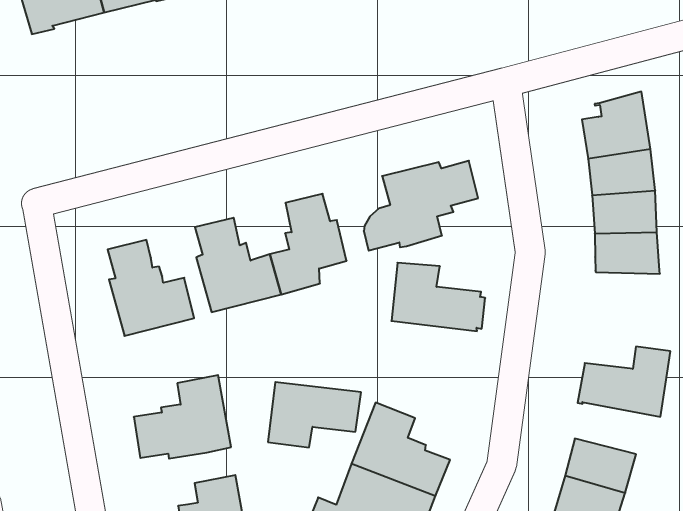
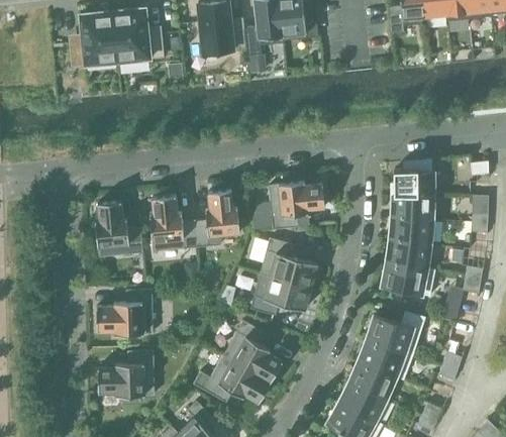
building: none -> [381,261,435,296]
building: [268,382,361,447] -> [250,272,311,315]
building: none -> [360,339,413,379]

